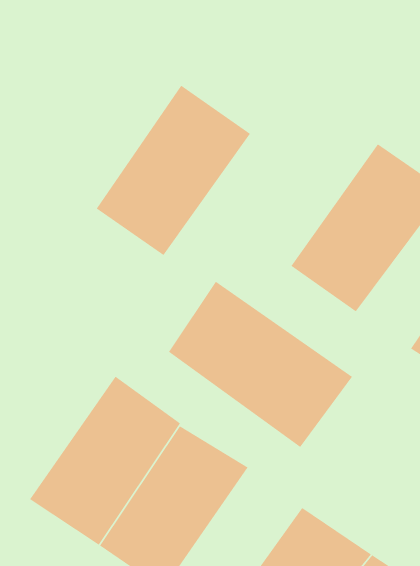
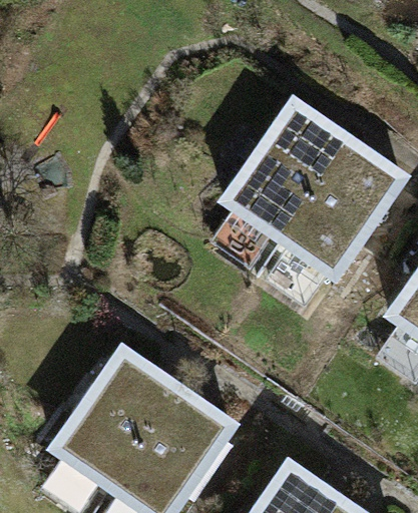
building: [96,85,251,256] -> [218,93,355,244]
building: [168,281,353,448] -> none

